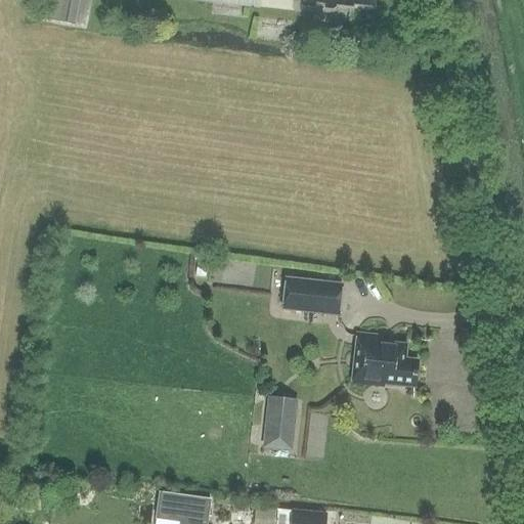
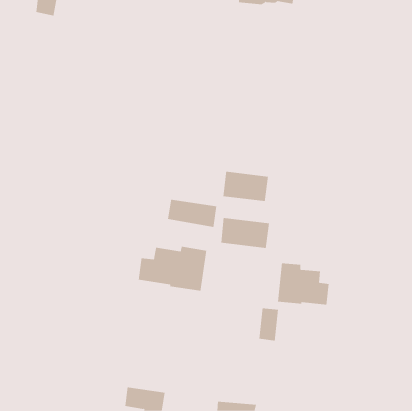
building: none -> [223,171,269,202]
building: none -> [138,246,207,292]
building: [266,403,292,445] -> [259,308,279,341]

